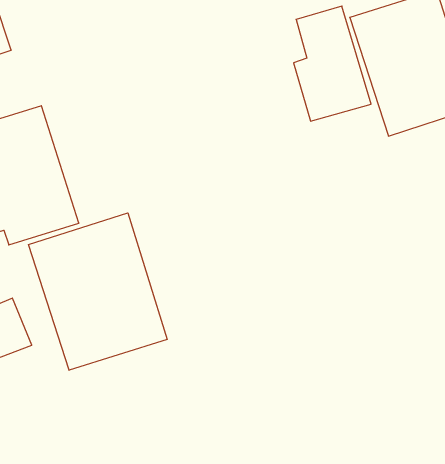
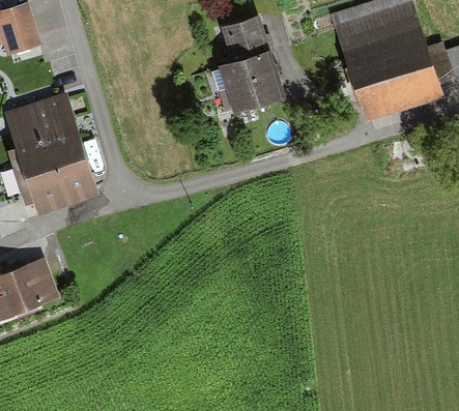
building: [294,6,371,121] -> [218,16,284,114]
building: [29,213,167,370] -> none

